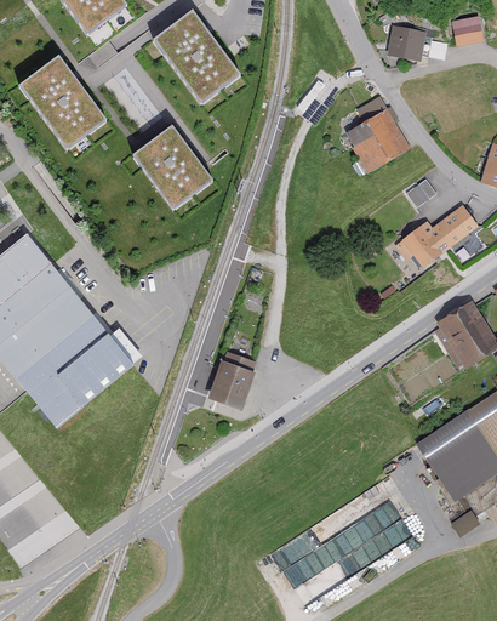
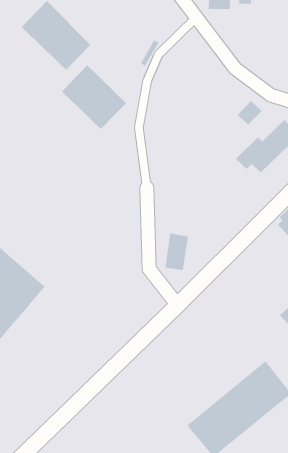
building: [347,97,411,173] -> none
building: [135,126,213,210] -> [61,65,127,130]
building: [215,354,251,404] -> [164,233,189,271]

